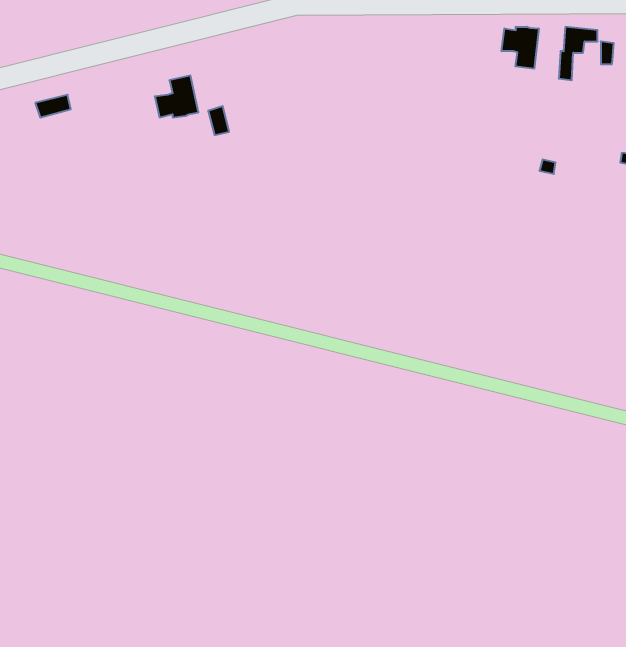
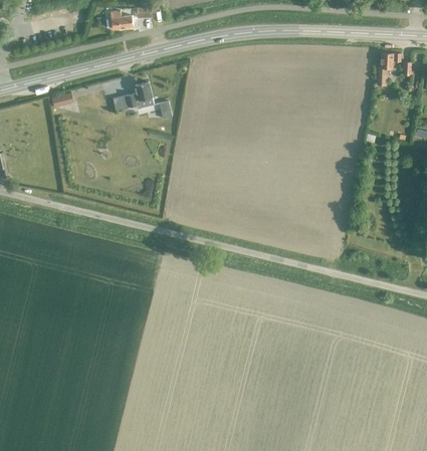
building: [502,27,539,69] -> none

